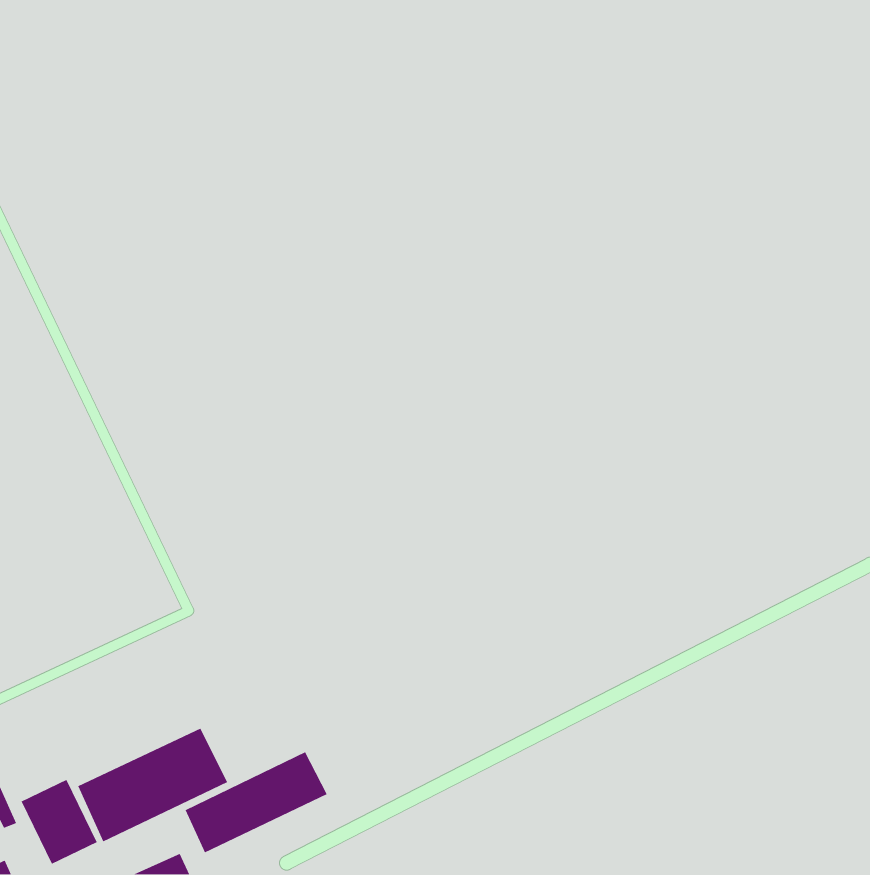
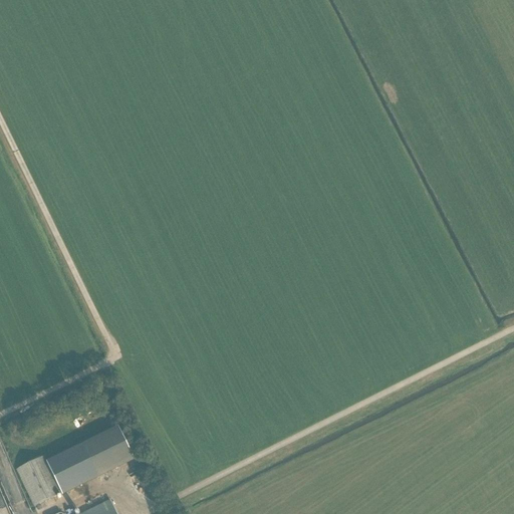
building: [185,751,328,854] -> none

